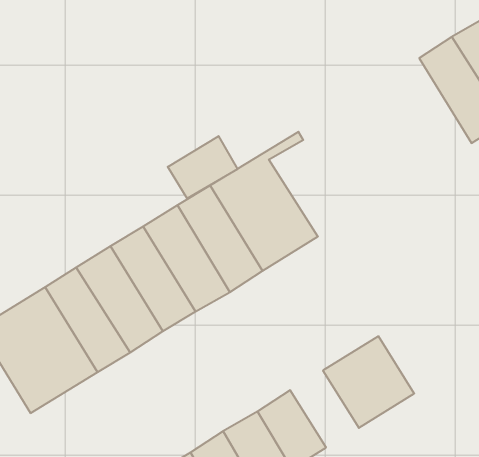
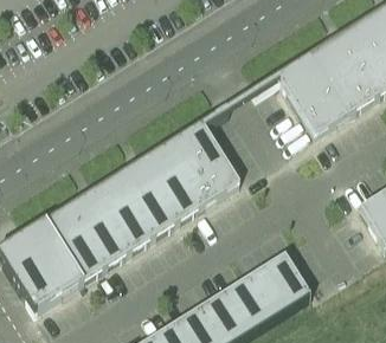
building: none -> [252,50,352,135]
building: [168,136,237,198] -> none
building: none -> [220,276,270,331]

